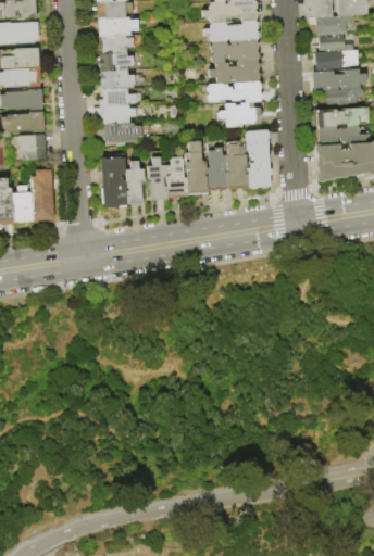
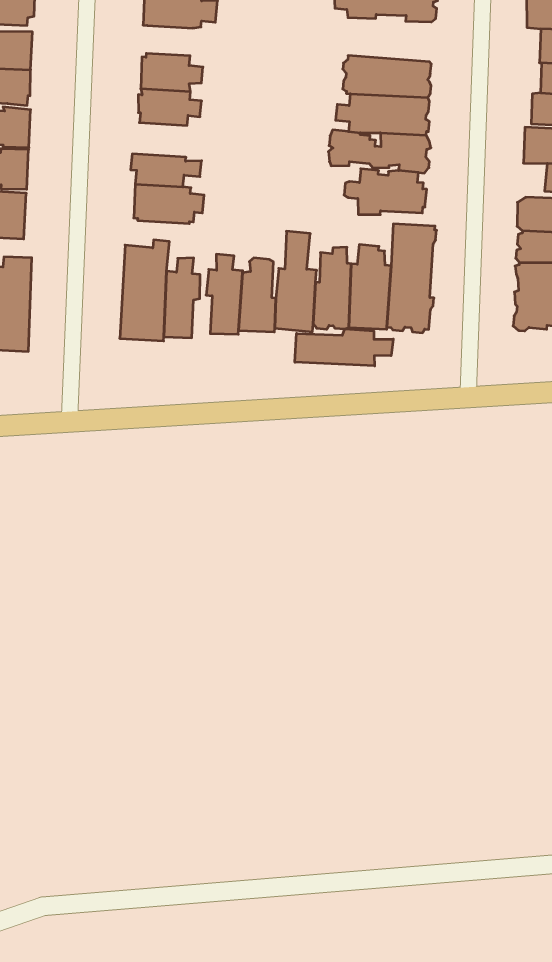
building: [203,18,259,41] -> none
building: [99,35,134,51] -> none
building: [99,88,141,106] -> none
building: none -> [295,329,393,366]

